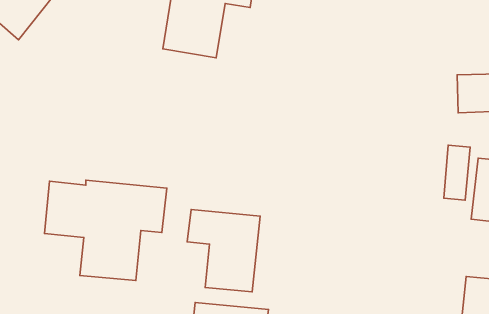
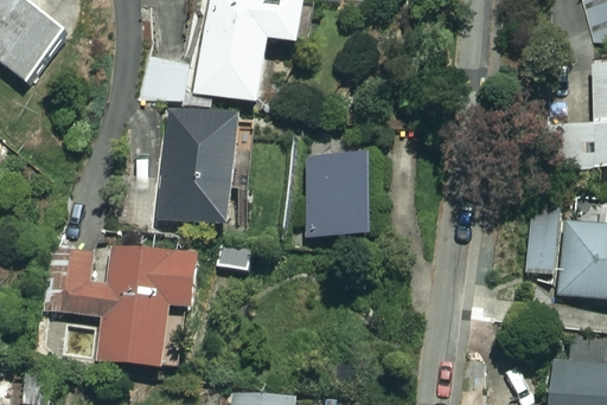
building: none -> [158,108,239,225]
building: none -> [306,155,370,234]
building: [187,209,260,292] -> none

